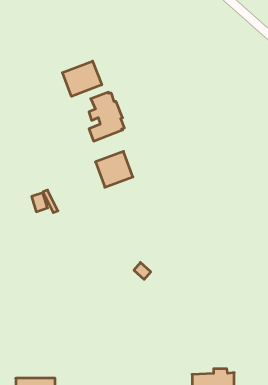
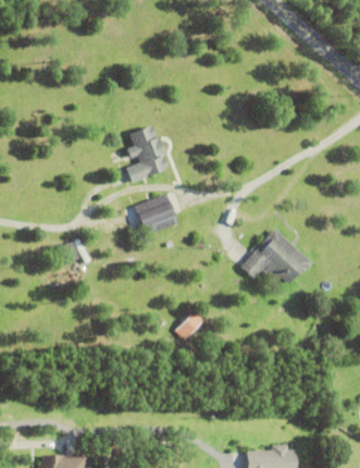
building: [62,61,102,96] -> none
building: none -> [240,229,312,284]

